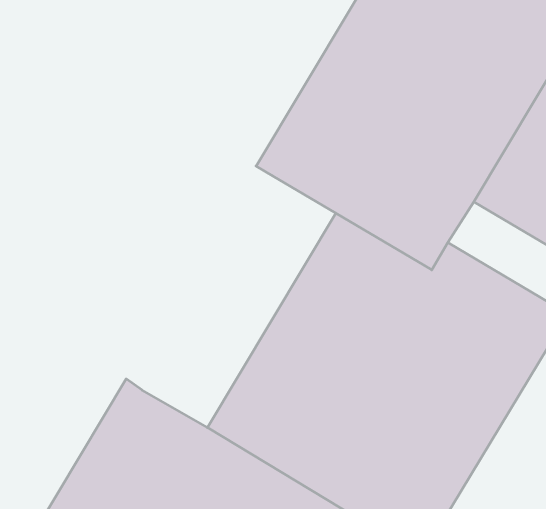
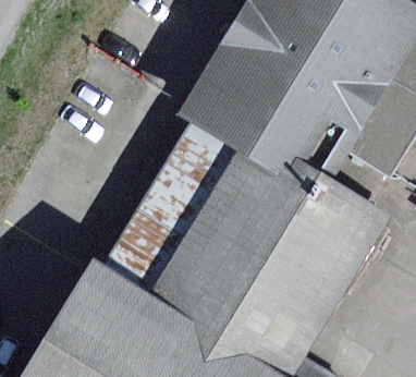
building: none -> [102,124,232,293]

